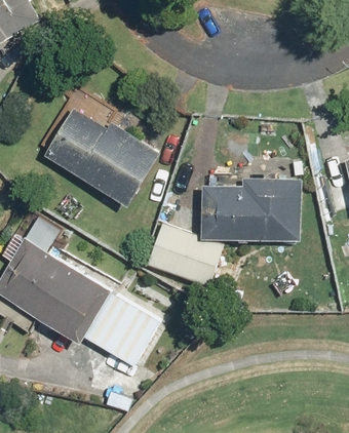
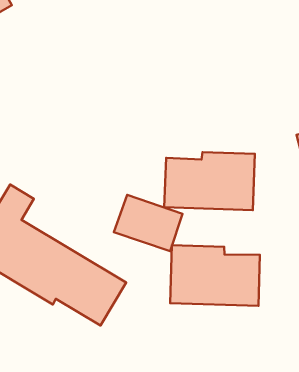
building: [44,101,156,205] -> none
building: none -> [170,245,260,306]

